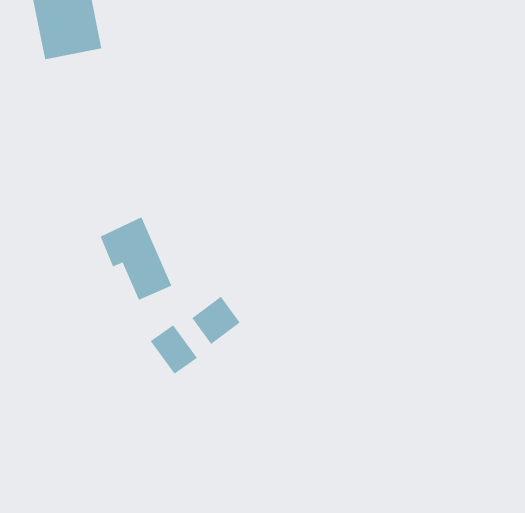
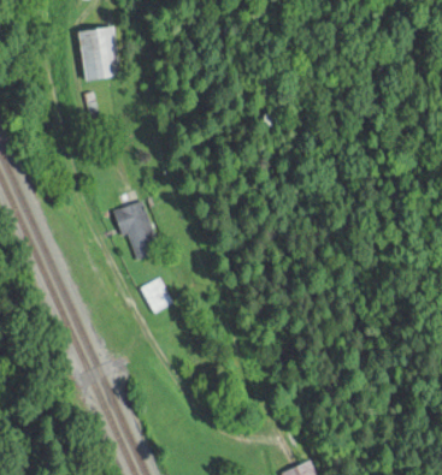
building: [191,296,241,345] -> none

